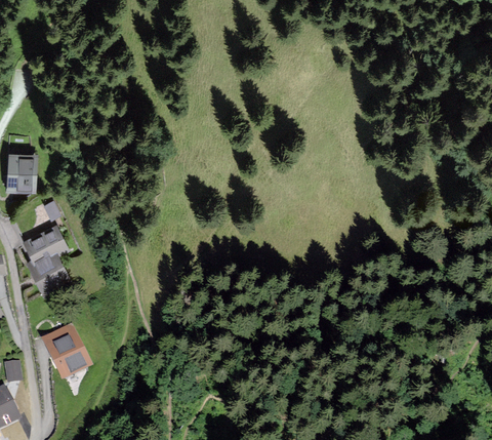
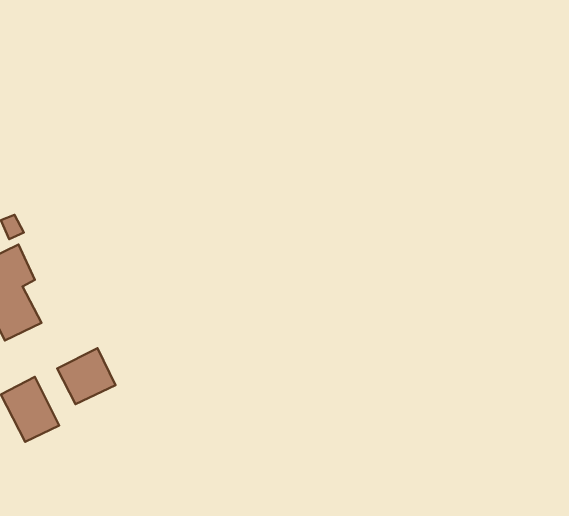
building: none -> [57,348,116,404]

